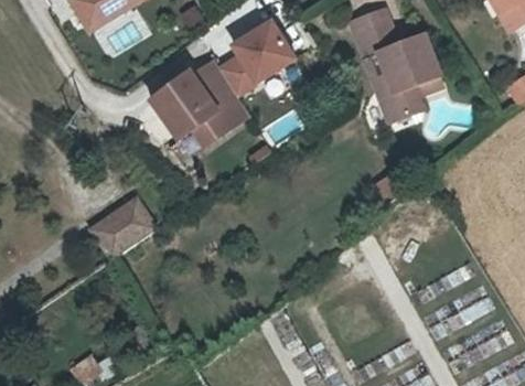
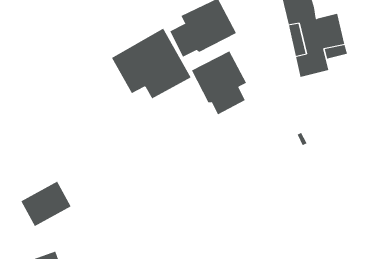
building: none -> [191,51,247,115]
building: [90,199,153,257] -> [21,181,72,227]

